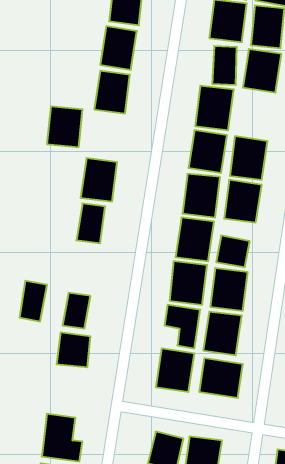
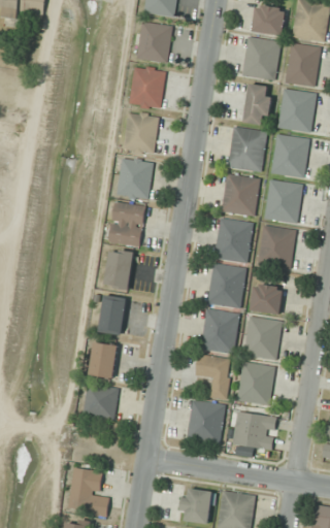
building: none -> [269,133,310,178]
building: [47,106,83,147] -> [116,157,153,199]
building: [19,281,47,321] -> [98,294,127,336]

